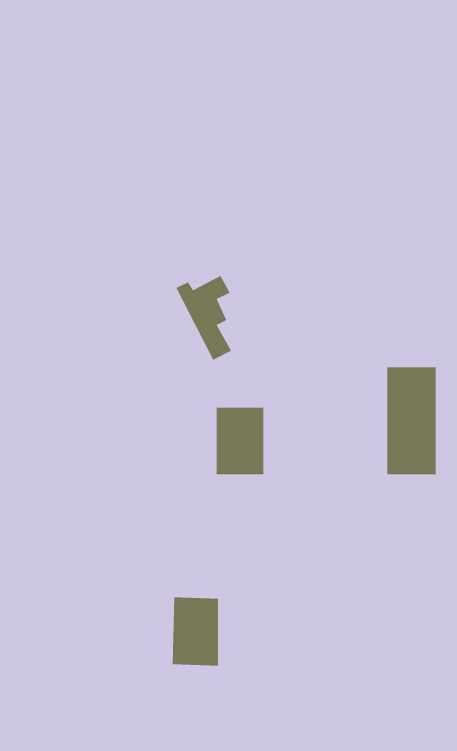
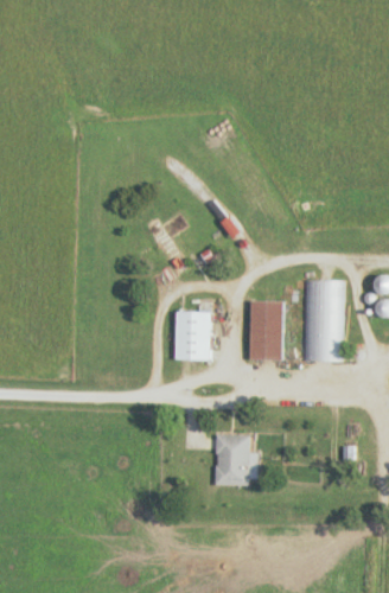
building: none -> [250,299,283,359]
building: [172,597,219,666] -> [216,434,250,485]

